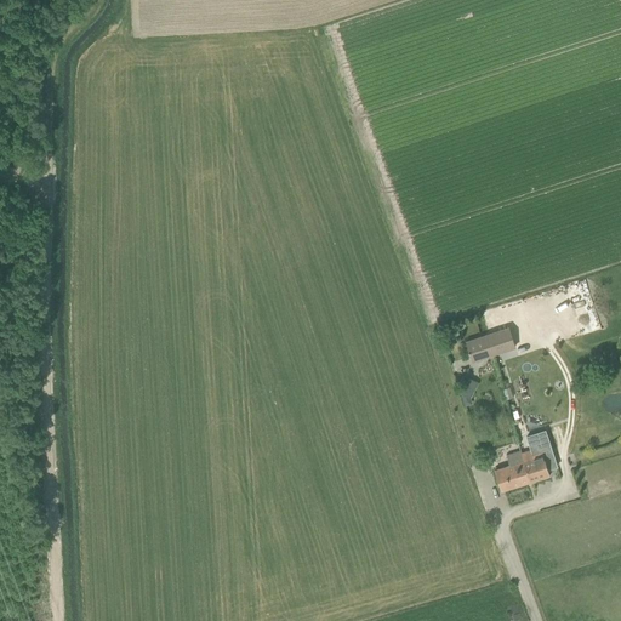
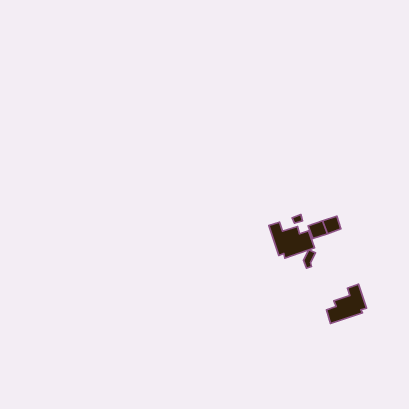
building: none -> [269,222,315,258]

